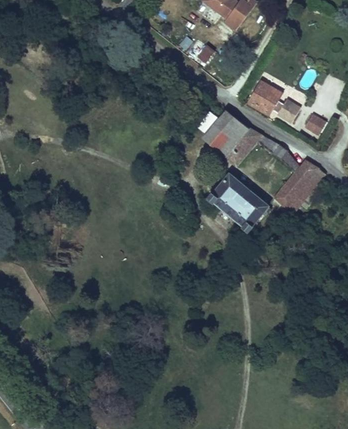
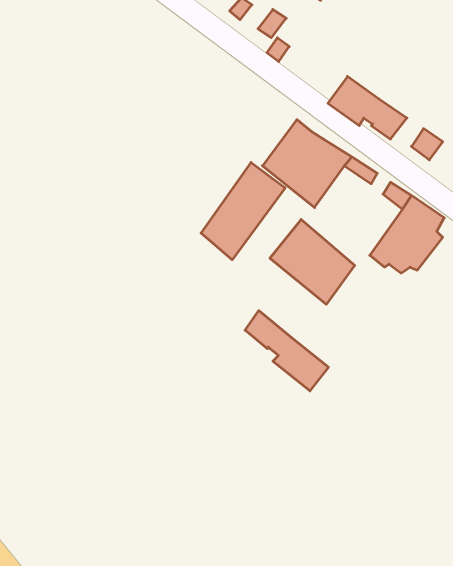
building: none -> [201,162,285,260]
building: none -> [245,311,328,391]

